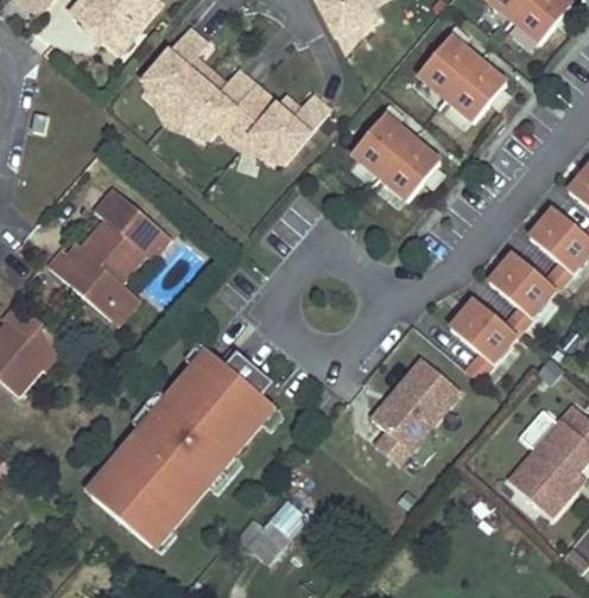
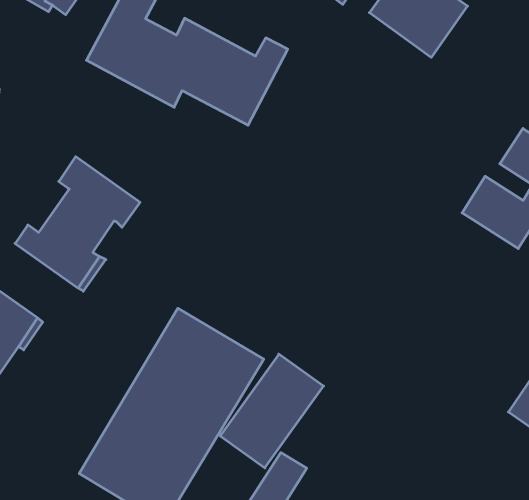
building: [347,109,444,205] -> none
building: [448,294,520,381] -> none
building: [357,356,463,465] -> [220,354,324,468]

